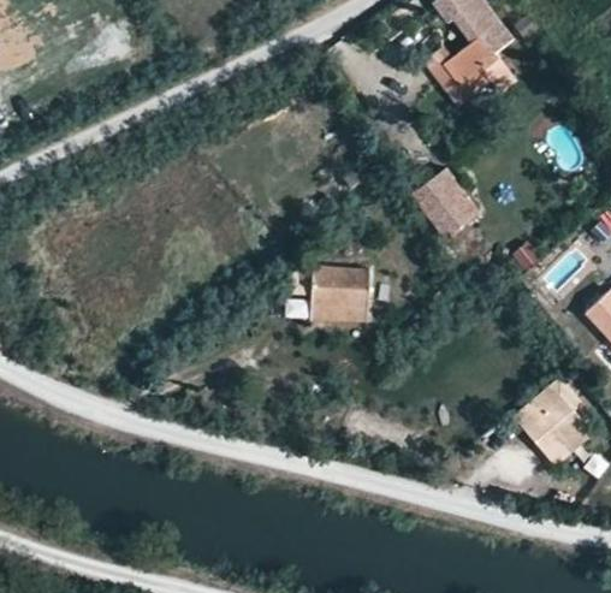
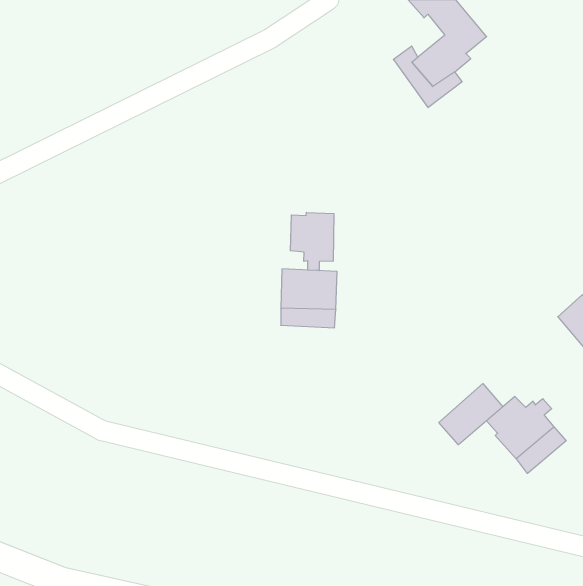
building: [414,171,467,223] -> none
building: none -> [290,212,334,271]
building: none -> [439,384,503,445]

